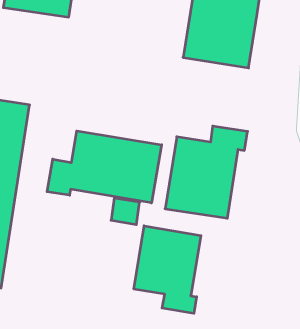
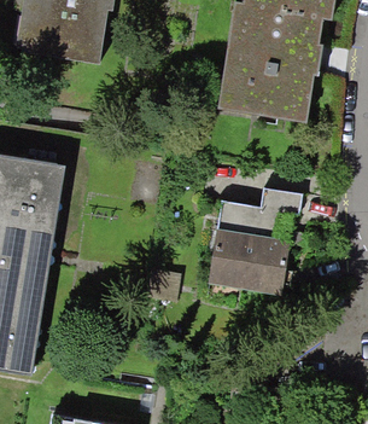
building: [47,131,162,203] -> none
building: [134,226,201,313] -> none

